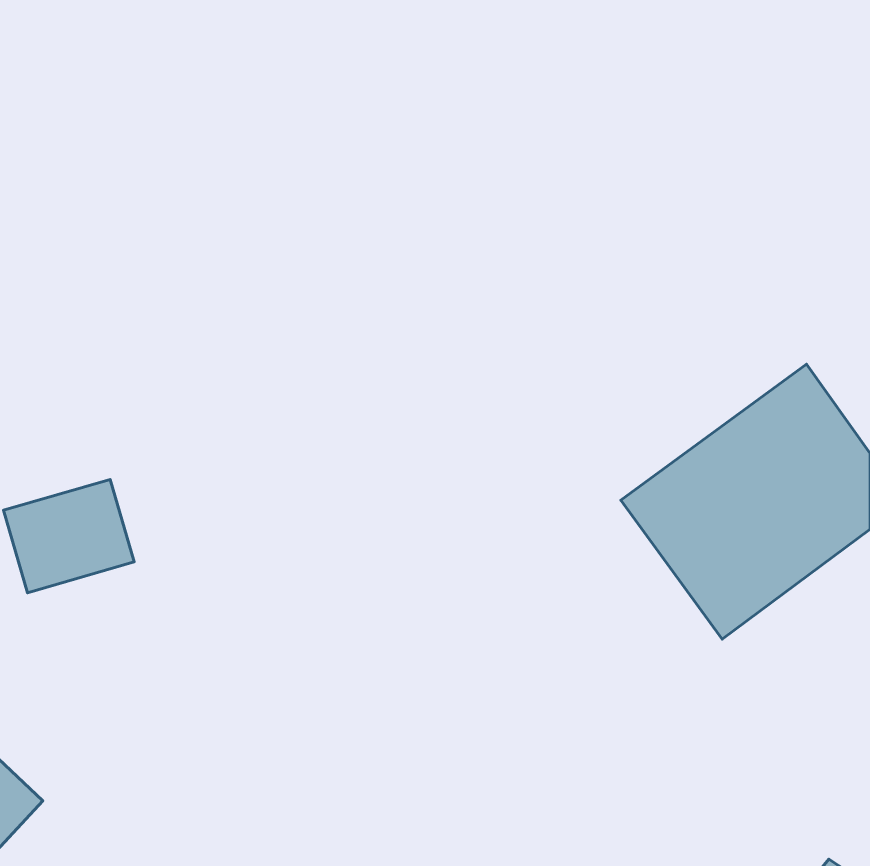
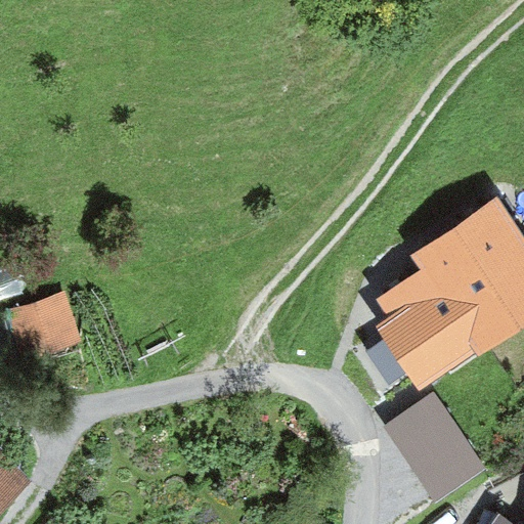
building: none -> [382,390,485,499]

